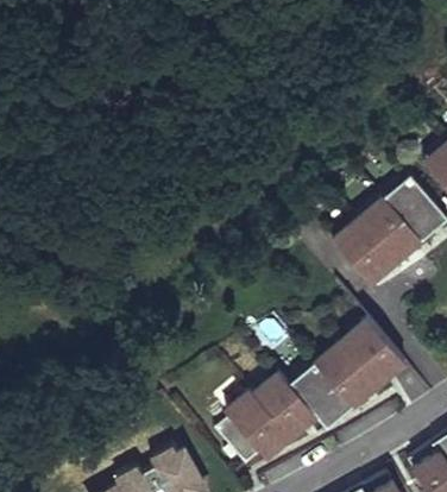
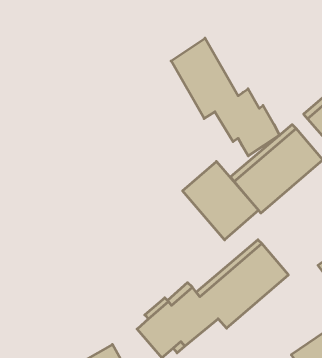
building: none -> [171,38,280,156]
building: none -> [183,161,259,240]

